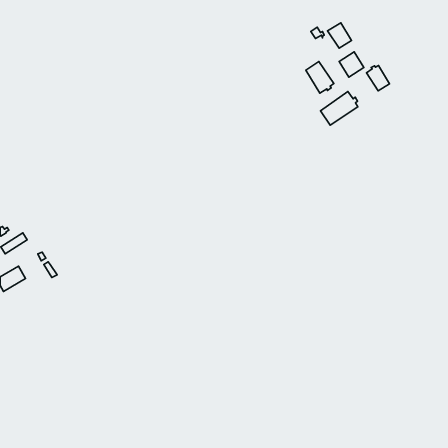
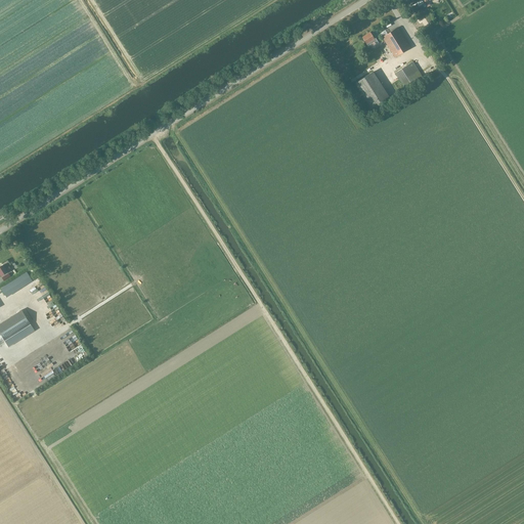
building: [366,65,390,91] -> none
building: [321,91,358,125] -> none

